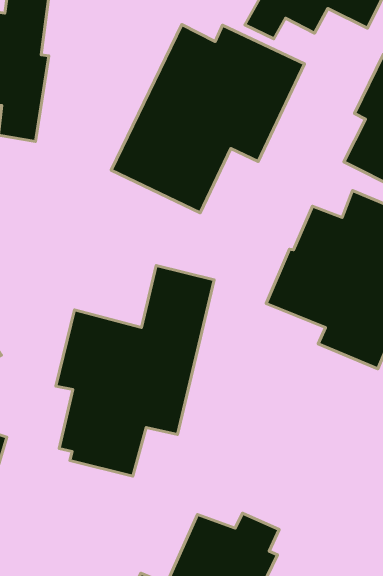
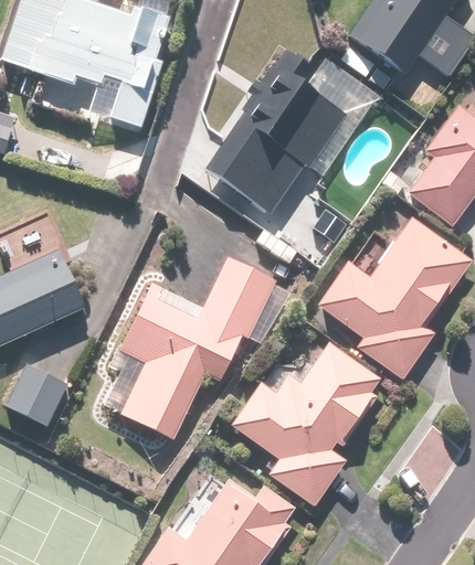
building: none -> [232,341,378,508]

